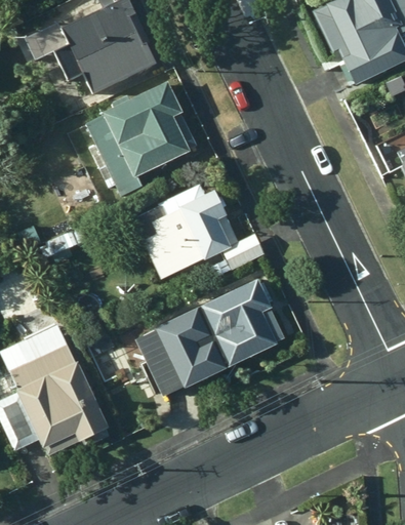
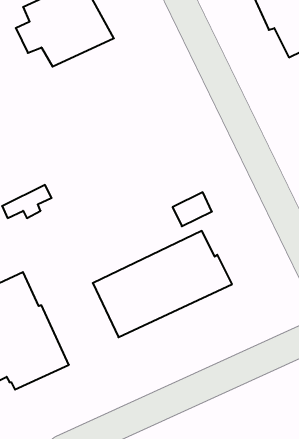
building: [82,80,200,198] -> none
building: [132,184,240,279] -> none

